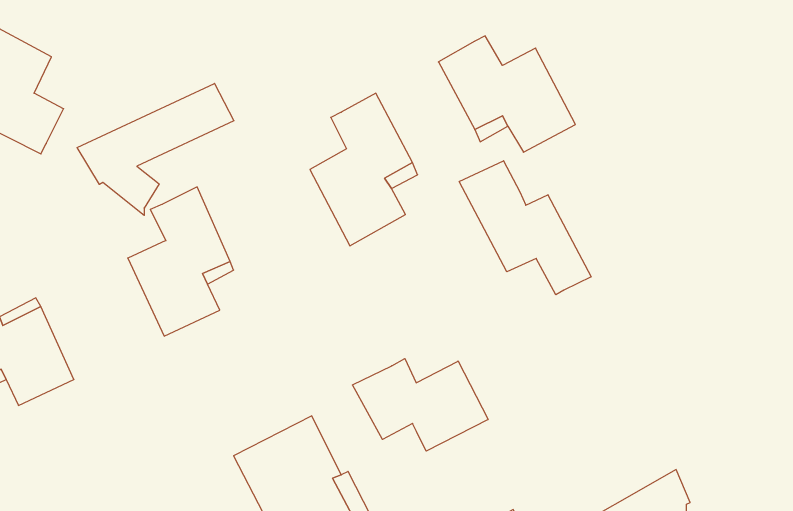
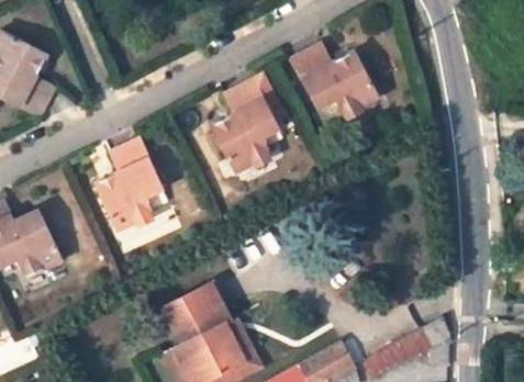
building: [77,83,234,215] -> none
building: [459,161,591,295] -> none
building: [352,359,488,451] -> none

